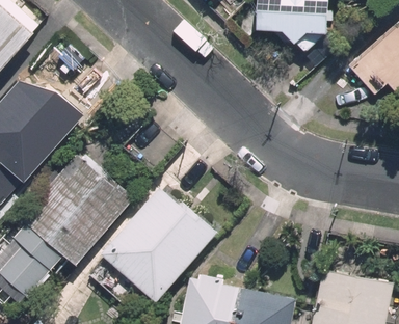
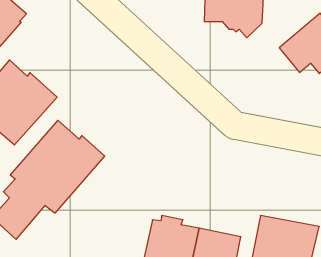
building: [98,188,216,305] -> none

